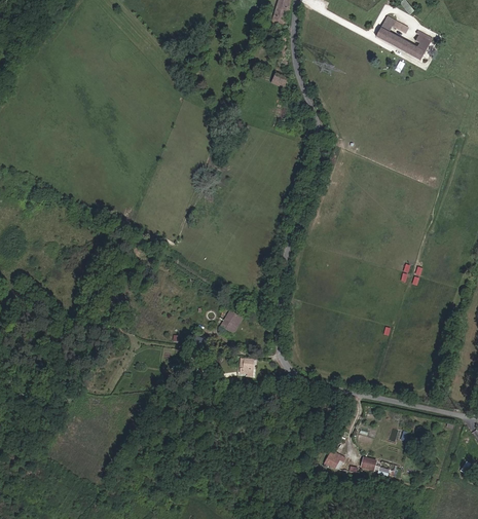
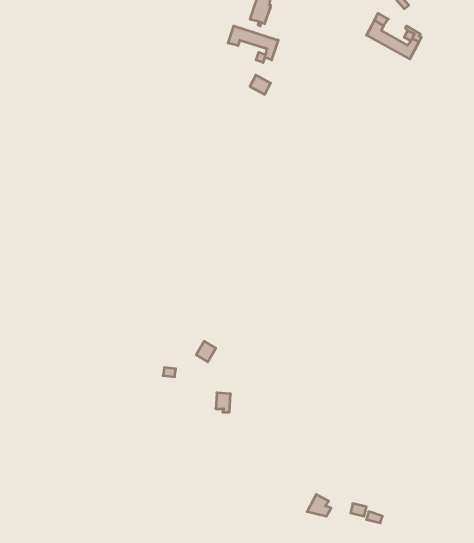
building: none -> [228,26,278,63]

